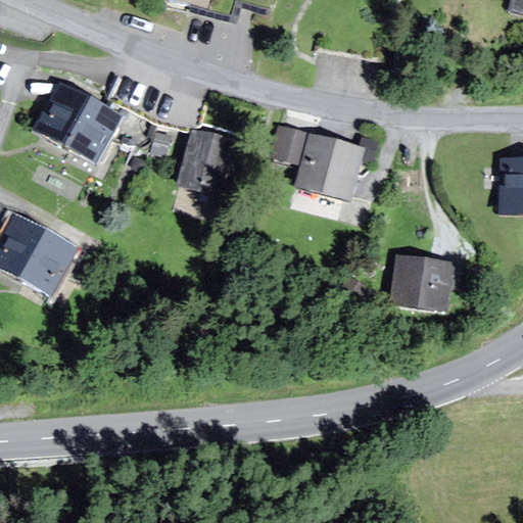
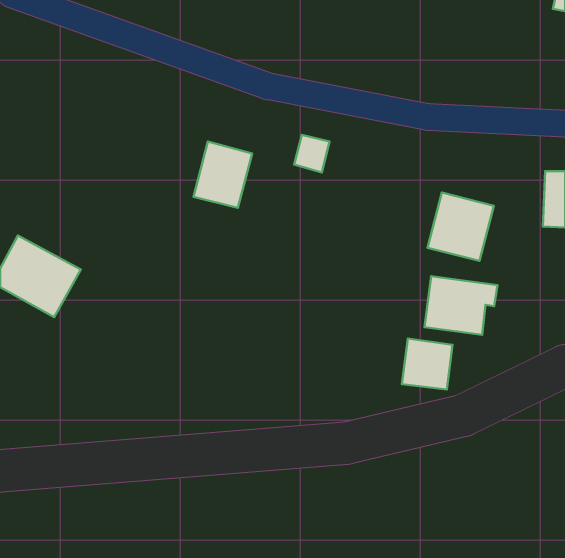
building: [37,85,121,161] -> none
building: [299,135,361,198] -> [427,192,494,261]
building: none -> [402,339,452,389]

